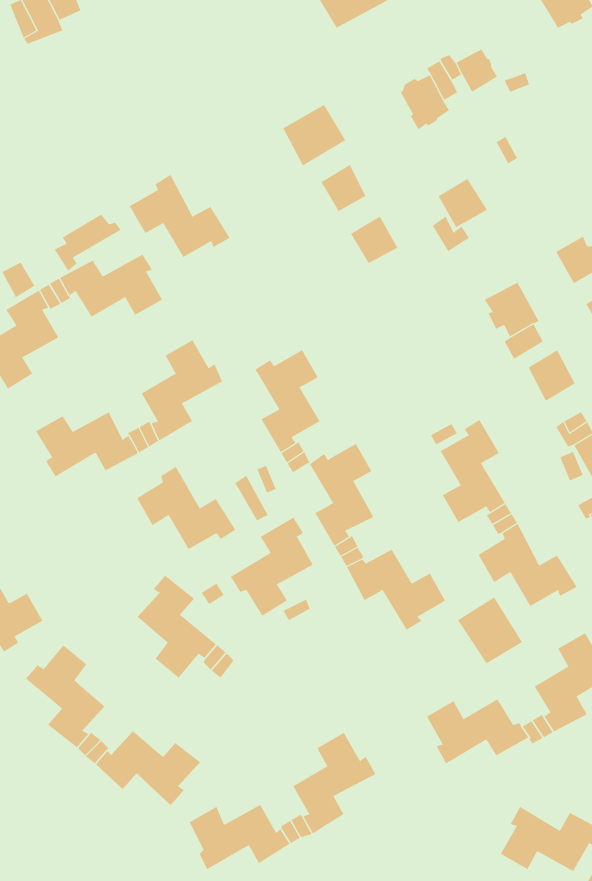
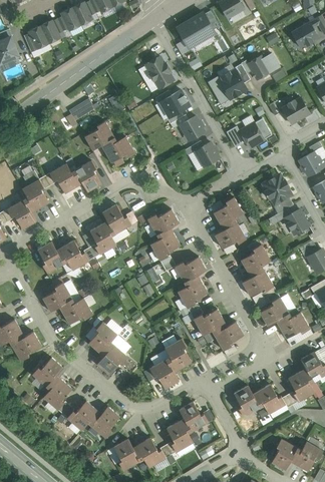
building: none -> [144,56,173,88]
building: none -> [281,97,309,123]
building: [54,214,122,272] -> [64,97,98,126]
building: none -> [213,196,245,249]
building: [136,466,236,550] -> [42,282,92,324]
building: [230,517,314,617] -> [148,338,191,388]
building: [457,597,523,664] -> none

